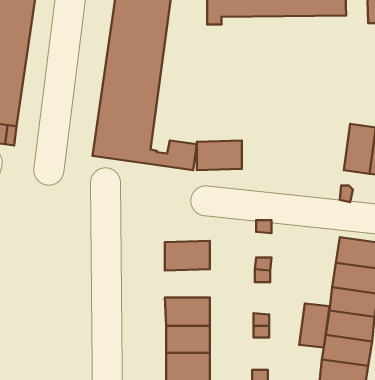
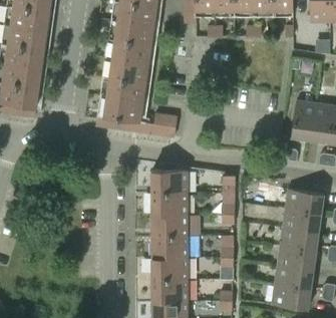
building: [197,140,242,170] -> [152,170,188,193]
building: none -> [152,214,188,236]
building: [299,303,329,348] -> none

